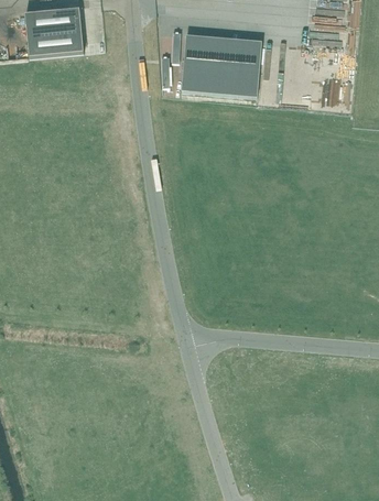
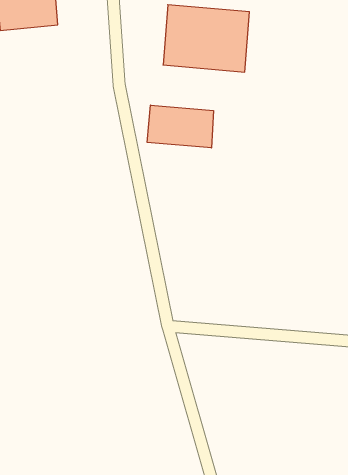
building: none -> [147,105,213,148]

